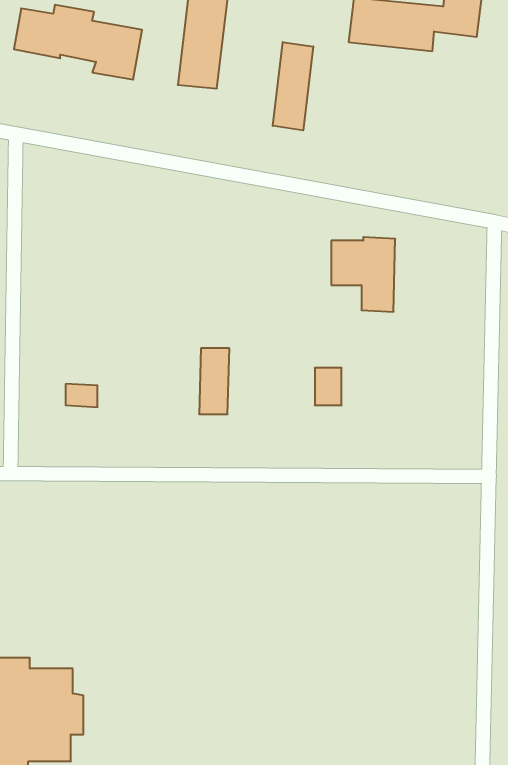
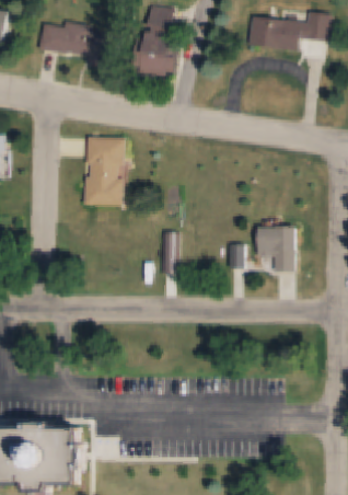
building: [273,42,313,130] -> none
building: none -> [89,136,127,204]
building: [331,237,395,312] -> [258,226,298,272]

